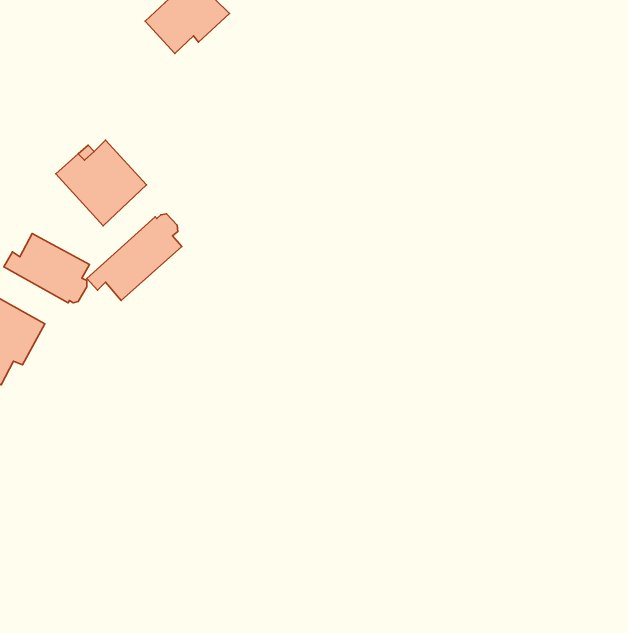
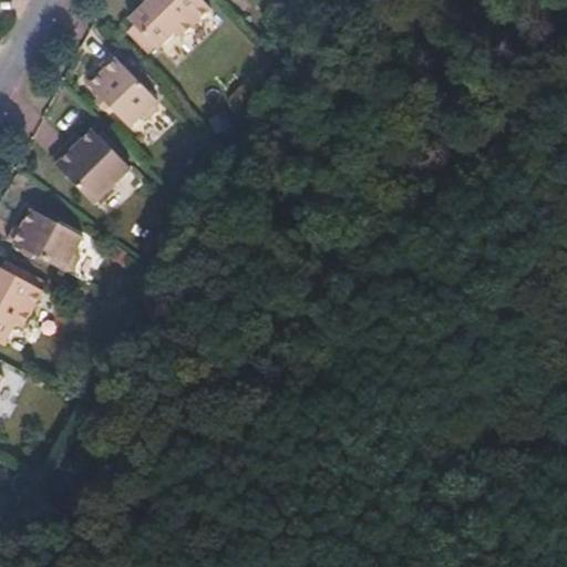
building: none -> [85,51,156,126]
building: [87,214,182,301] -> none

